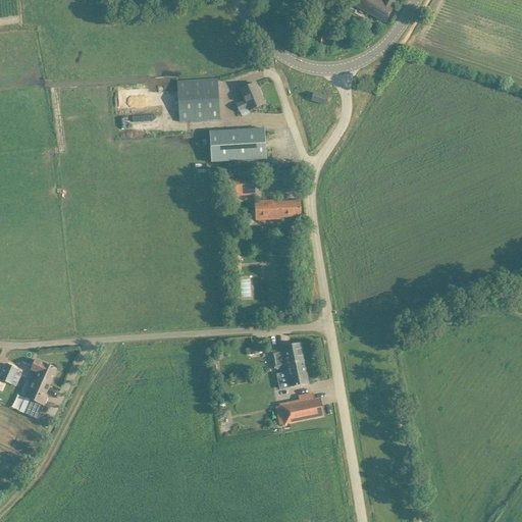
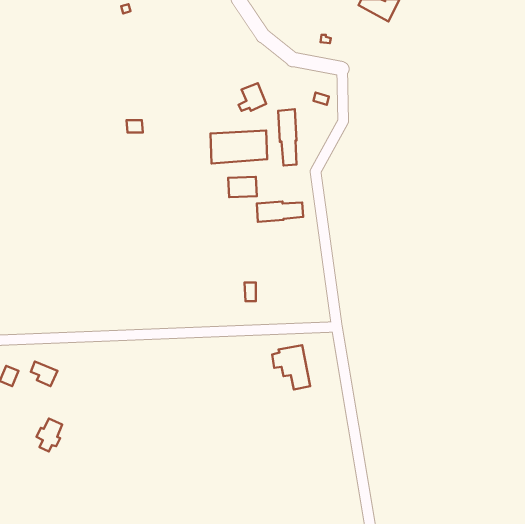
building: [177,77,220,121] -> none
building: none -> [278,109,296,165]
building: [24,377,50,410] -> [37,418,62,451]
building: [275,394,324,425] -> none

